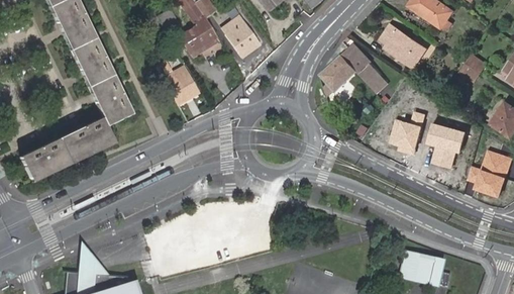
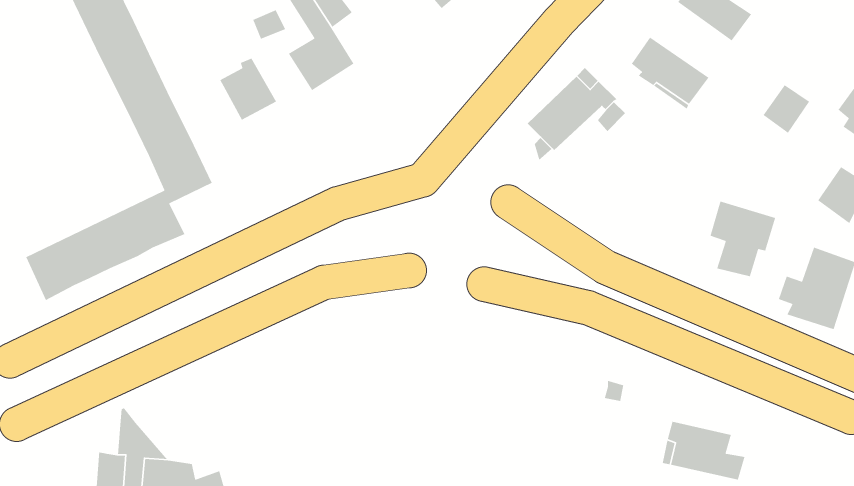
building: [223,16,259,56] -> none
building: [166,68,200,105] -> [219,58,277,121]
building: [390,110,427,156] -> none

